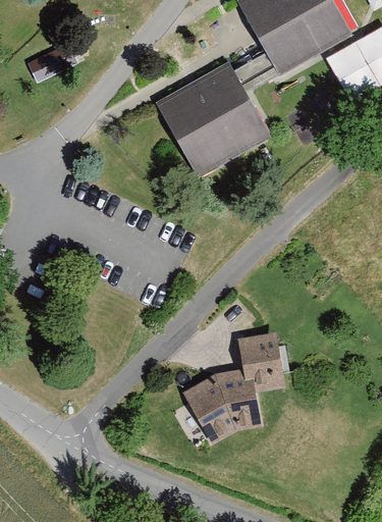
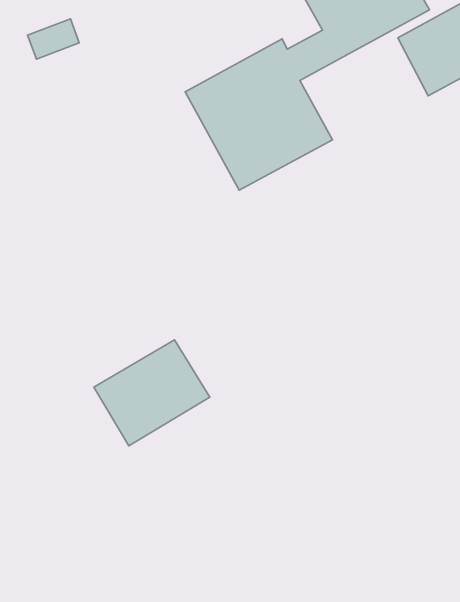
building: none -> [94,340,210,446]
building: [186,334,284,442] -> none

